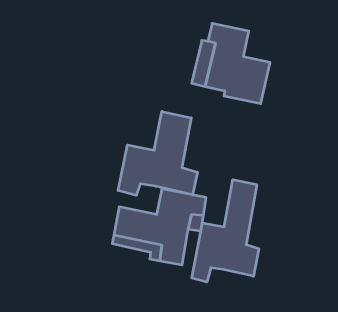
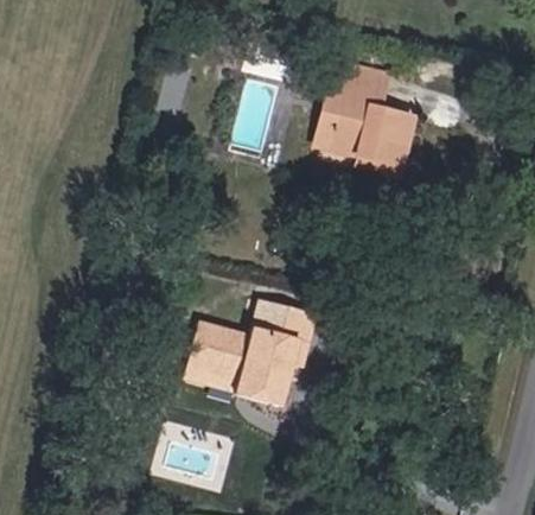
building: [118,111,197,195] -> none
building: [192,180,259,282] -> none

